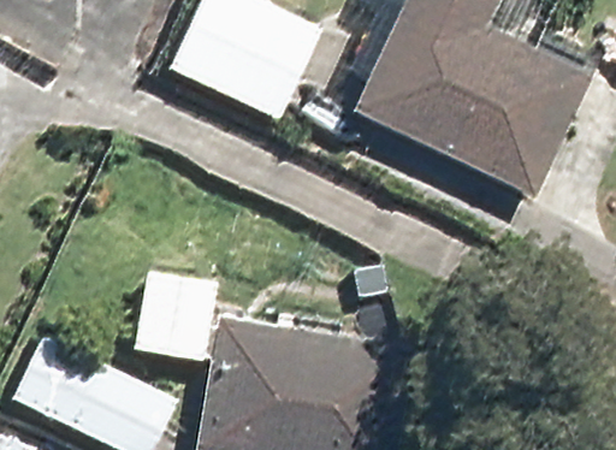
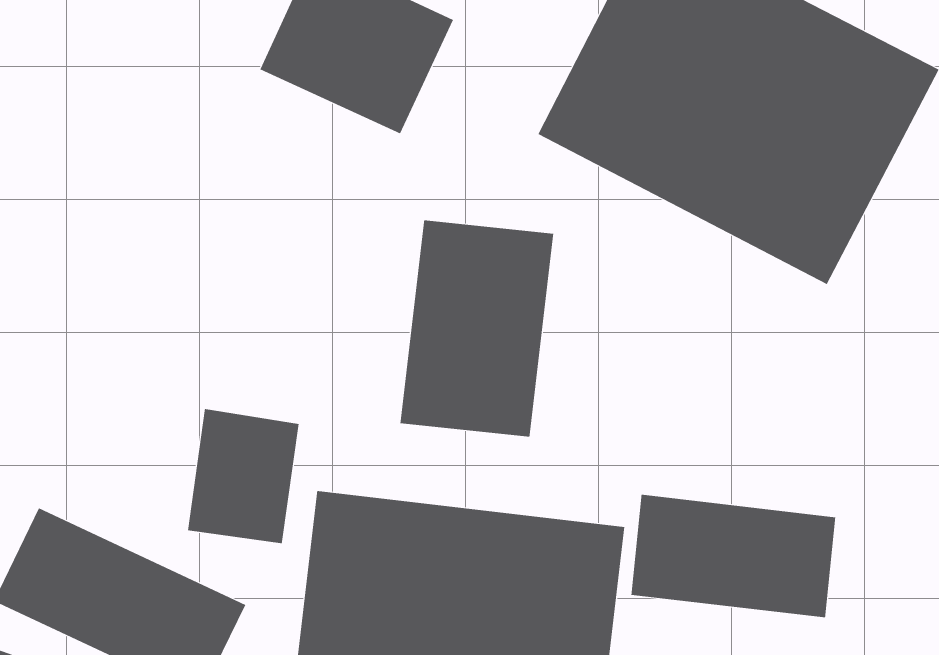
building: none -> [400,219,554,437]
building: none -> [631,494,836,618]

